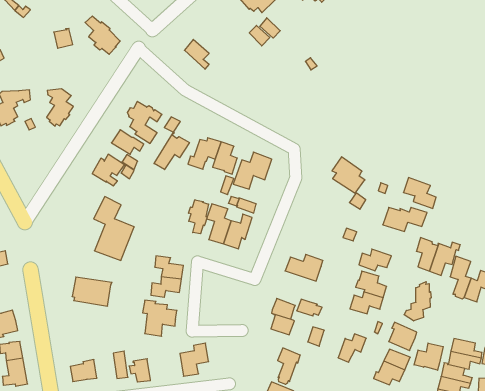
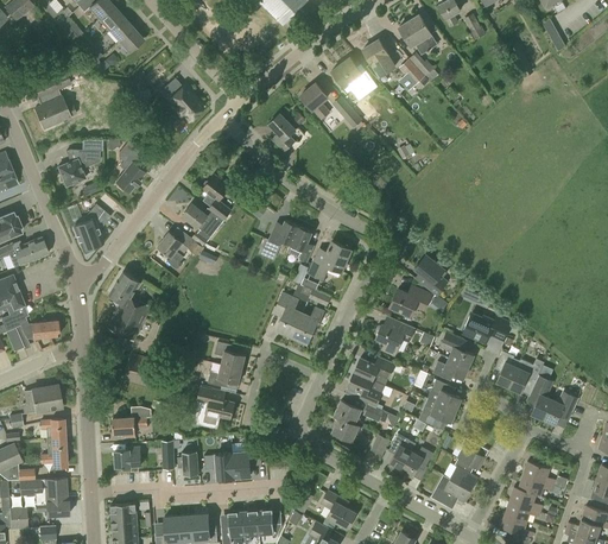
building: none -> [300,83,329,120]
building: [154,132,189,170] -> none
building: none -> [72,204,110,251]
building: [403,178,436,208] -> [439,331,474,367]
building: none -> [390,285,432,316]
building: [94,197,134,260] -> [107,272,152,342]
building: [189,200,209,234] -> none
building: none -> [375,316,414,355]
building: none -> [348,372,386,407]
building: [404,282,431,321] -> none
building: none -> [113,406,158,437]
building: [414,343,443,370] -> none
building: [278,348,300,384] -> [390,434,416,473]
building: none -> [204,449,234,475]

